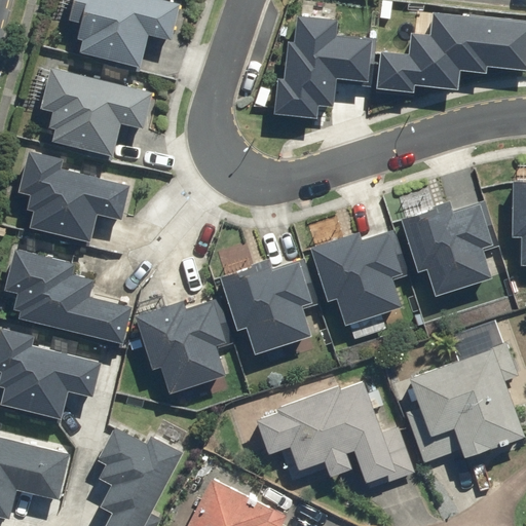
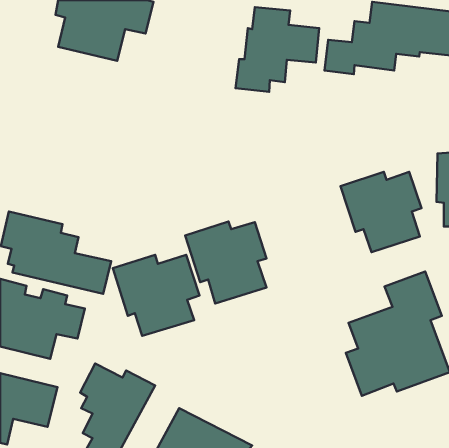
building: [40,69,153,157] -> none
building: [16,151,129,243] -> none
building: [309,232,403,343] -> none
building: [255,382,416,491] -> none

